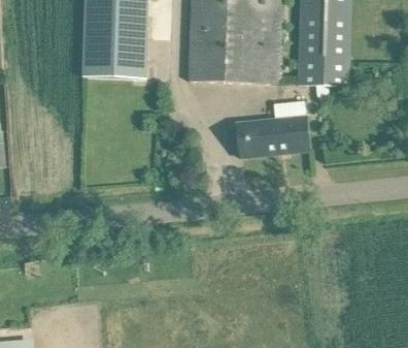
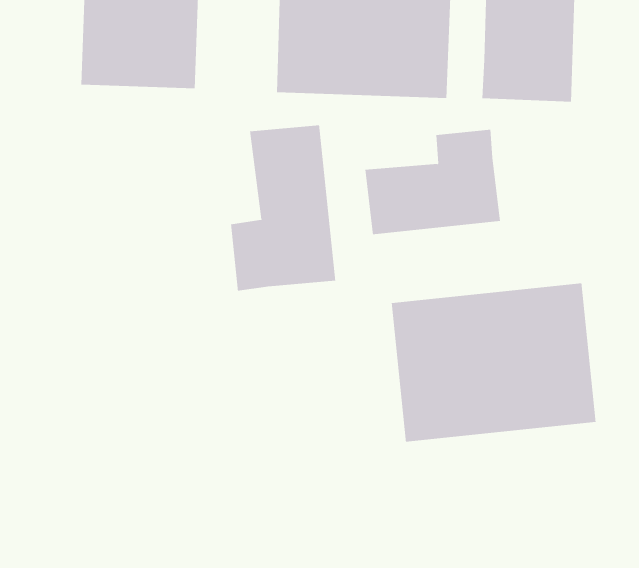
building: none -> [230,125,336,292]
building: none -> [391,282,596,442]

